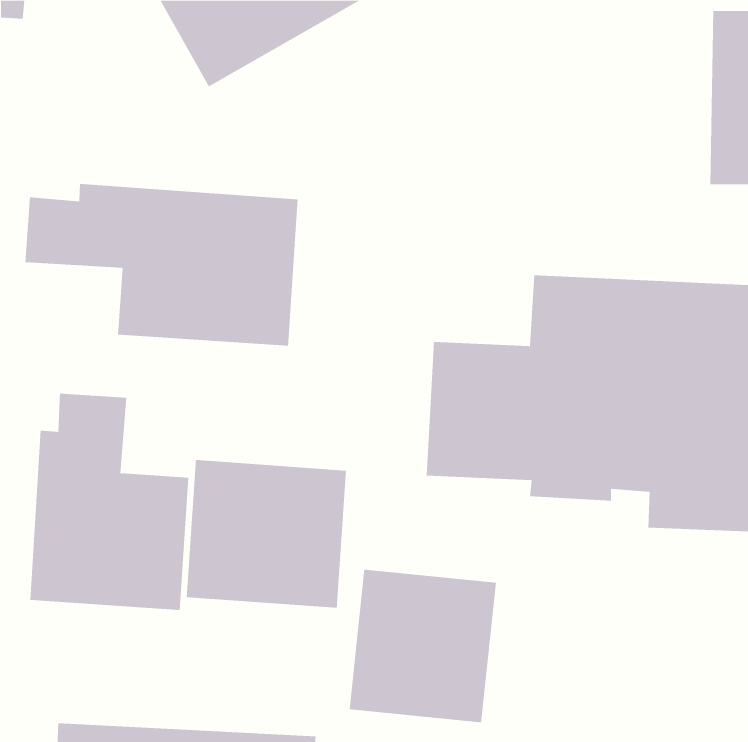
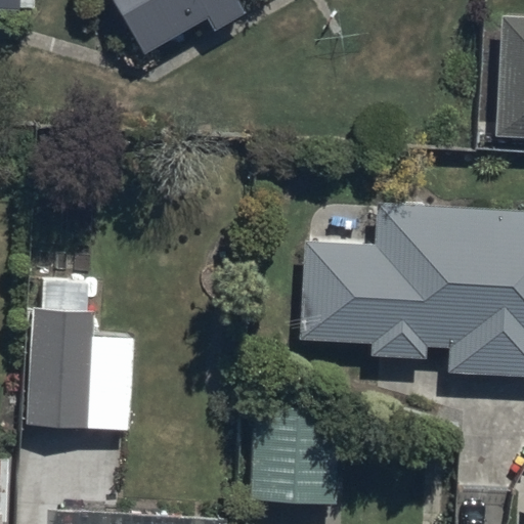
building: [25,183,298,347] -> none
building: [186,459,347,609] -> none

